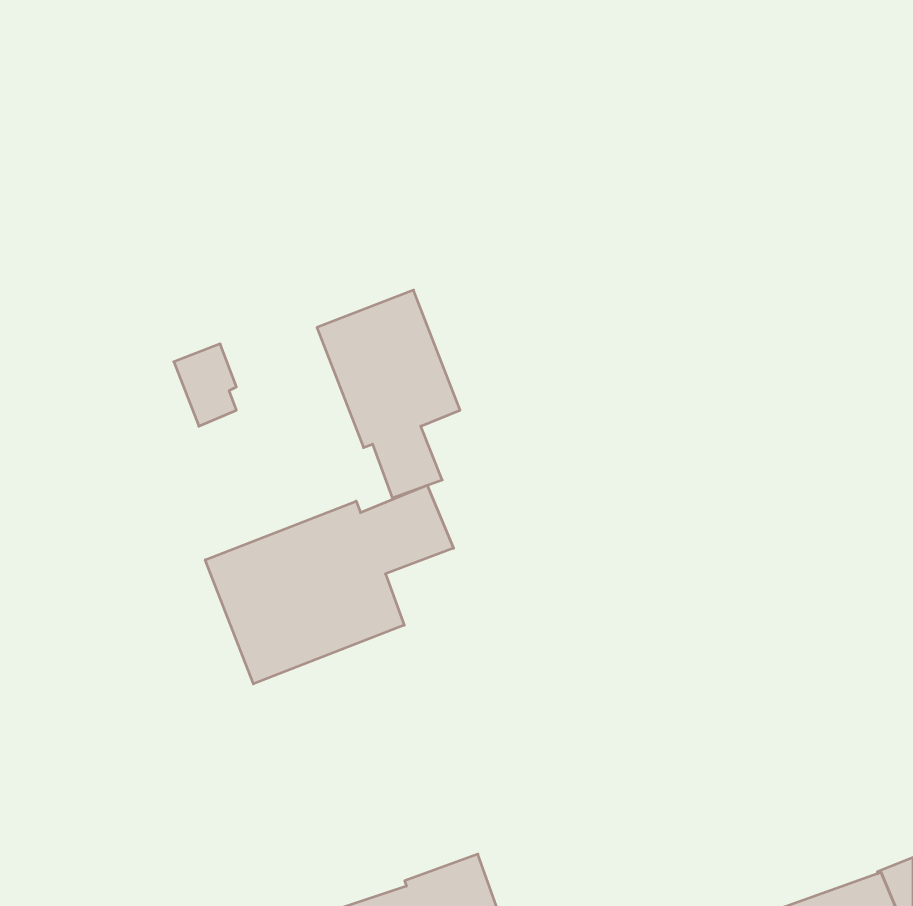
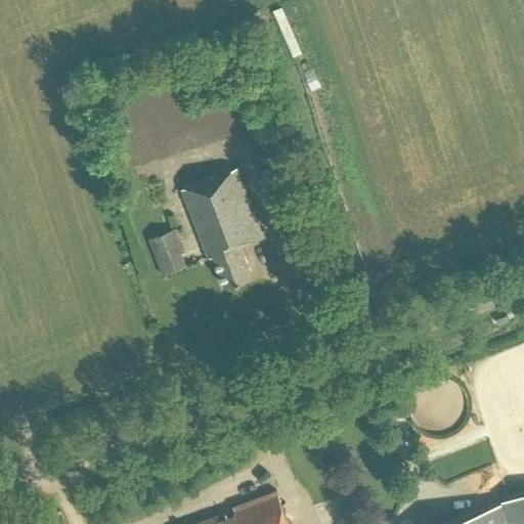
building: [174,344,236,426] -> [148,231,184,278]
building: [205,485,454,684] -> none

